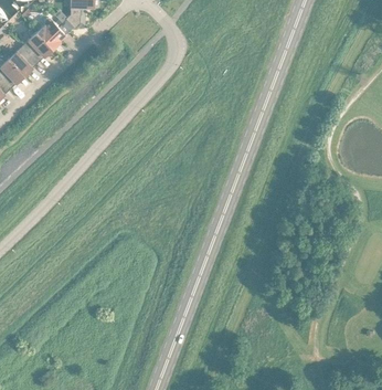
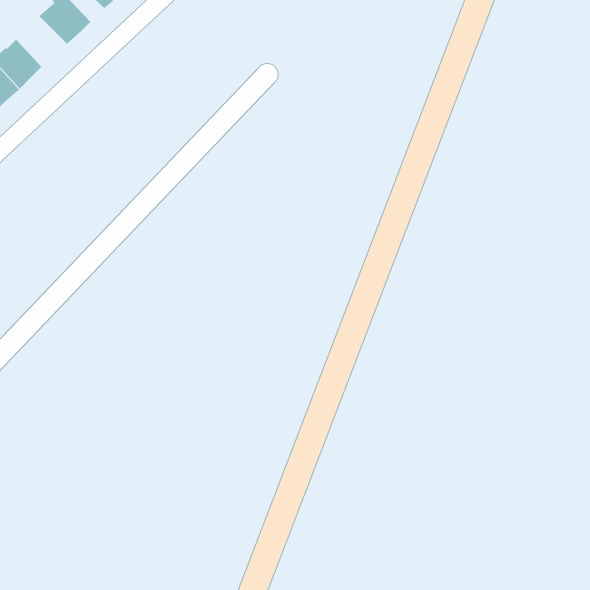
building: [22,33,52,63] -> none

